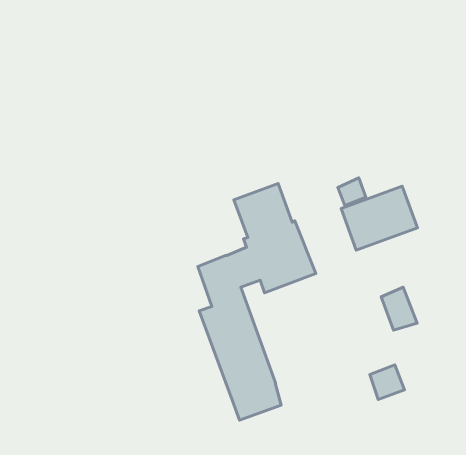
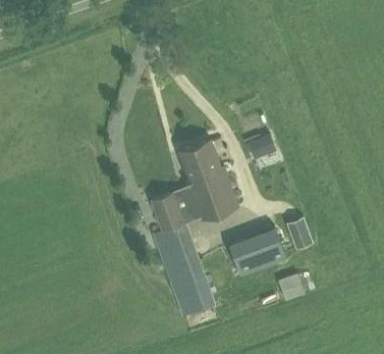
building: [341,186,417,250] -> [229,229,285,275]

